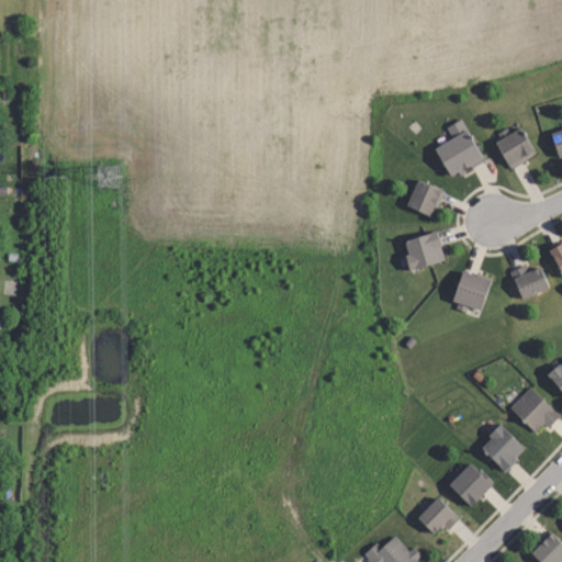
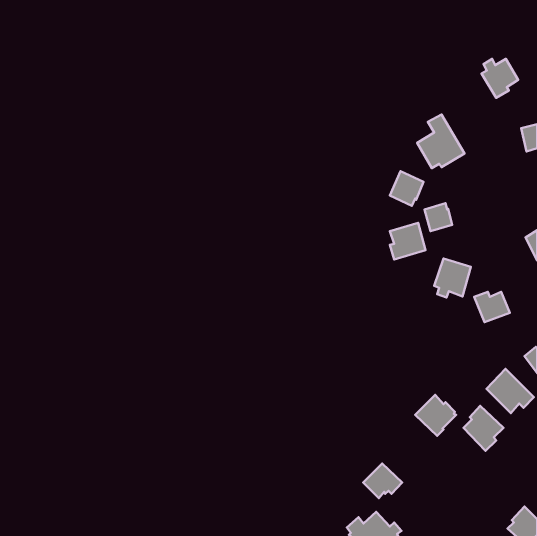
building: [497,128,536,169] -> [482,59,518,98]
building: none -> [425,203,452,231]
building: [510,267,548,299] -> [474,292,510,322]
building: [449,464,492,507] -> [415,395,456,436]
building: [417,498,458,535] -> [363,464,402,498]

